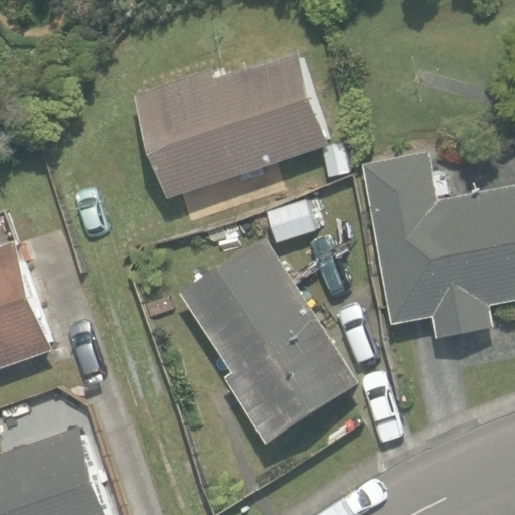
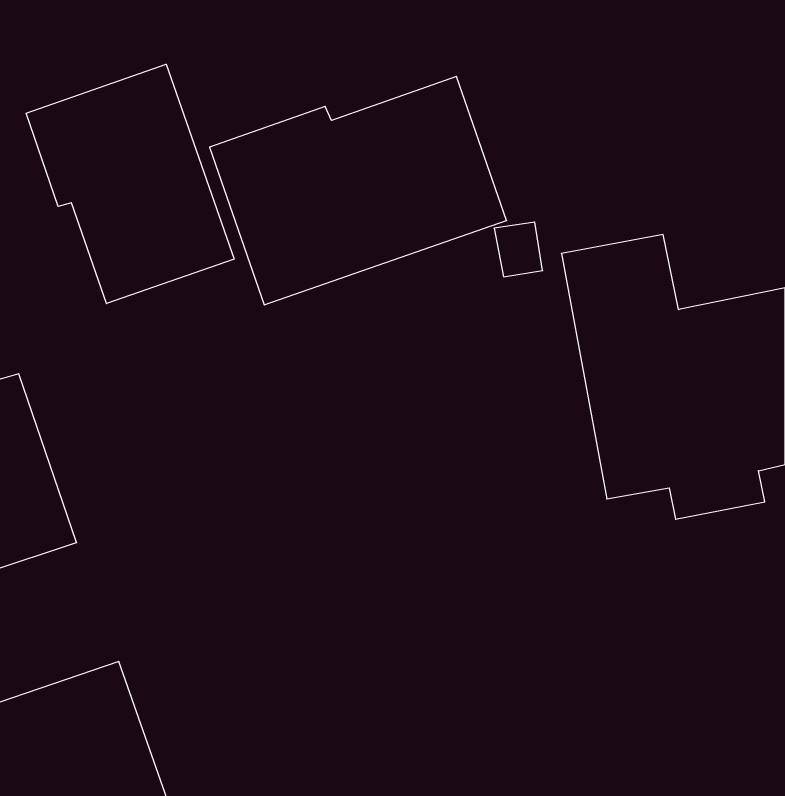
building: none -> [26,64,234,304]
building: [179,238,357,443] -> none

